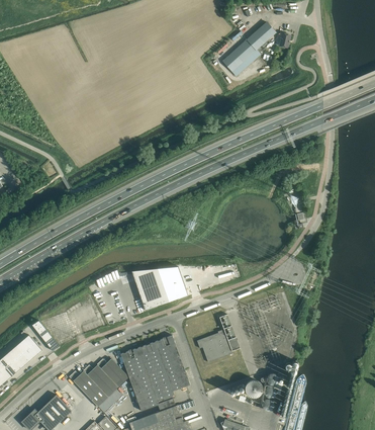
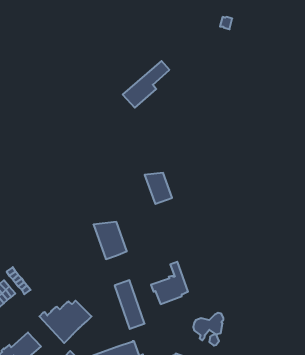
building: [221,23,275,77] -> [123,61,169,108]
building: [157,268,188,304] -> [145,173,172,204]
building: [119,342,174,412] -> none

